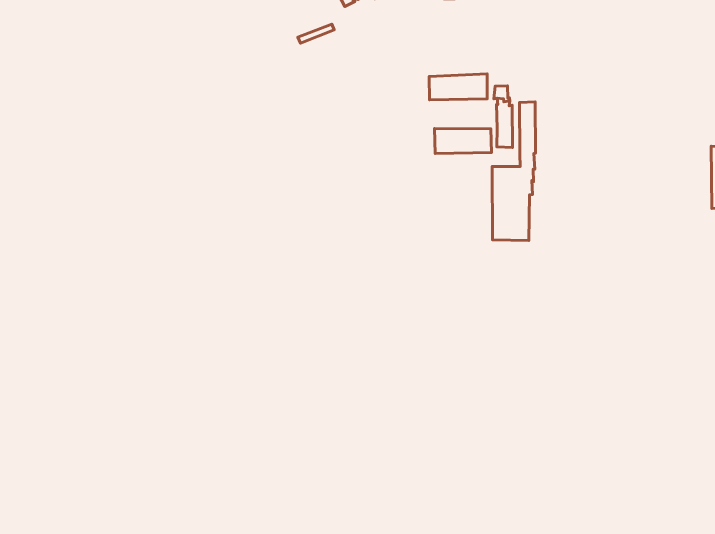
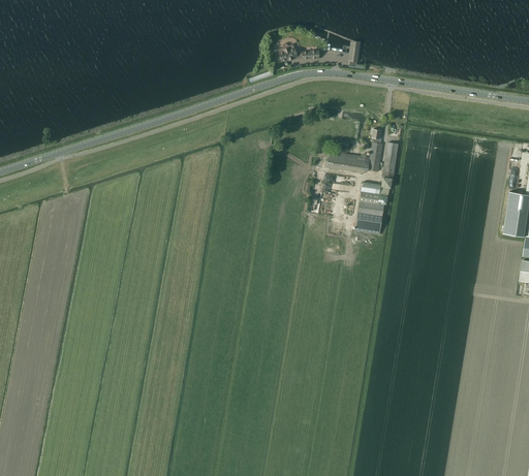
building: [429,74,487,100] -> none

